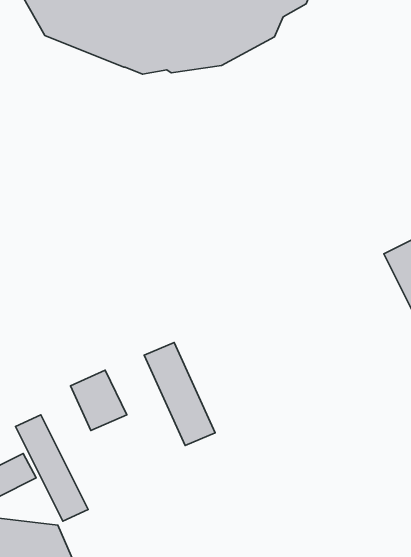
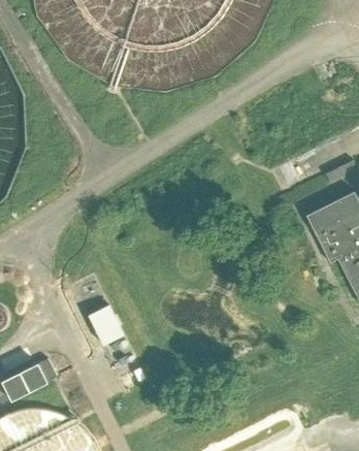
building: [144,342,215,446] -> none
building: [15,415,88,521] -> none

